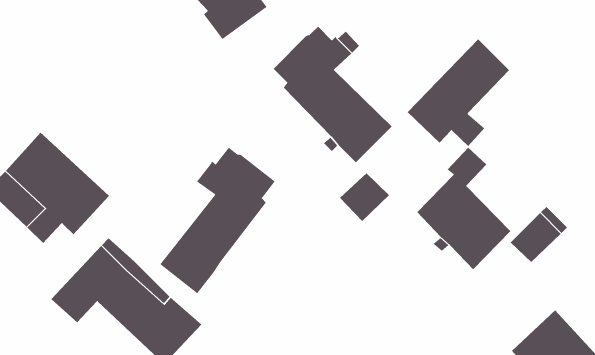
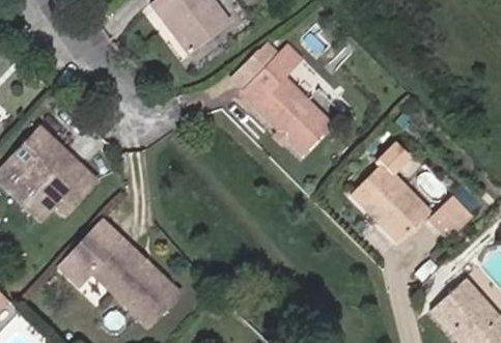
building: [407,39,510,147] -> none
building: [159,147,276,294] -> none
building: [339,173,390,222] -> none

